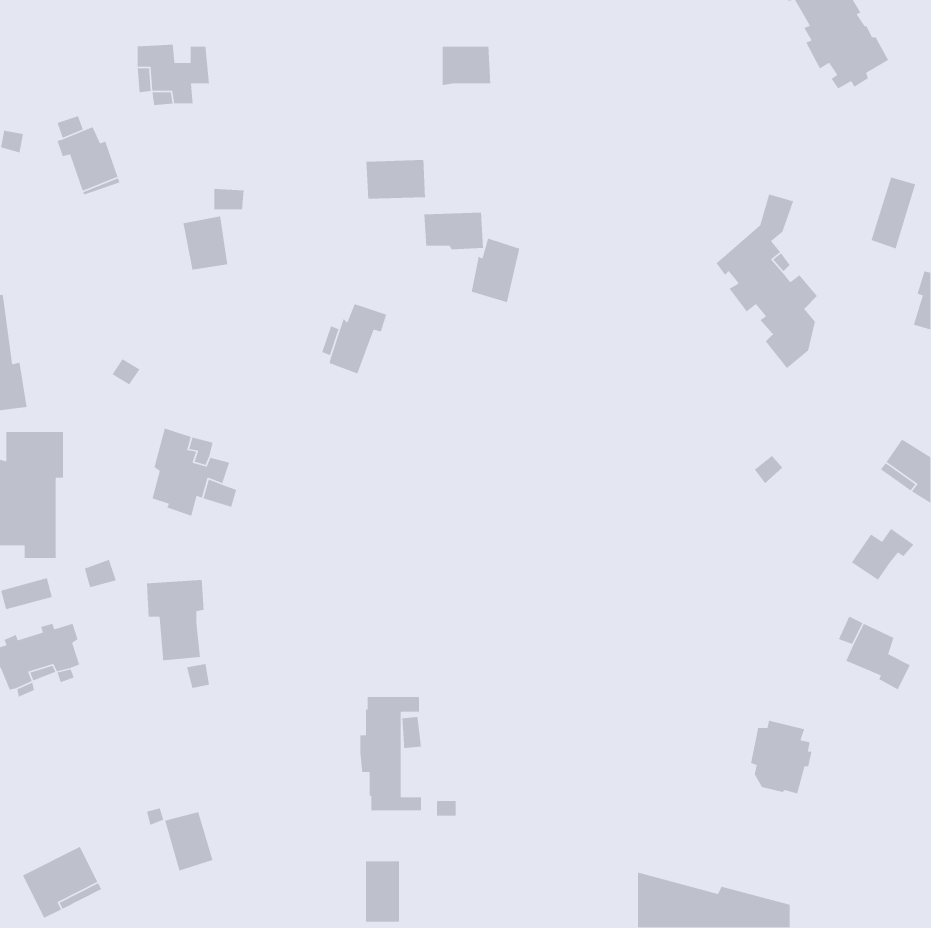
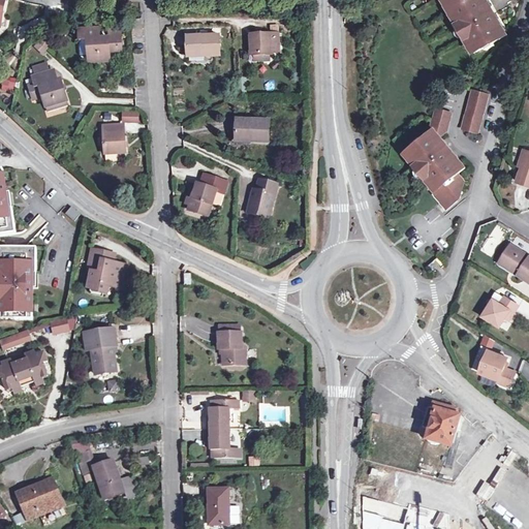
building: [366,159,426,200] -> [186,29,220,52]
building: [871,177,916,250] -> [461,92,487,133]
building: [471,237,520,303] -> [248,181,276,218]
building: none -> [219,318,247,363]

